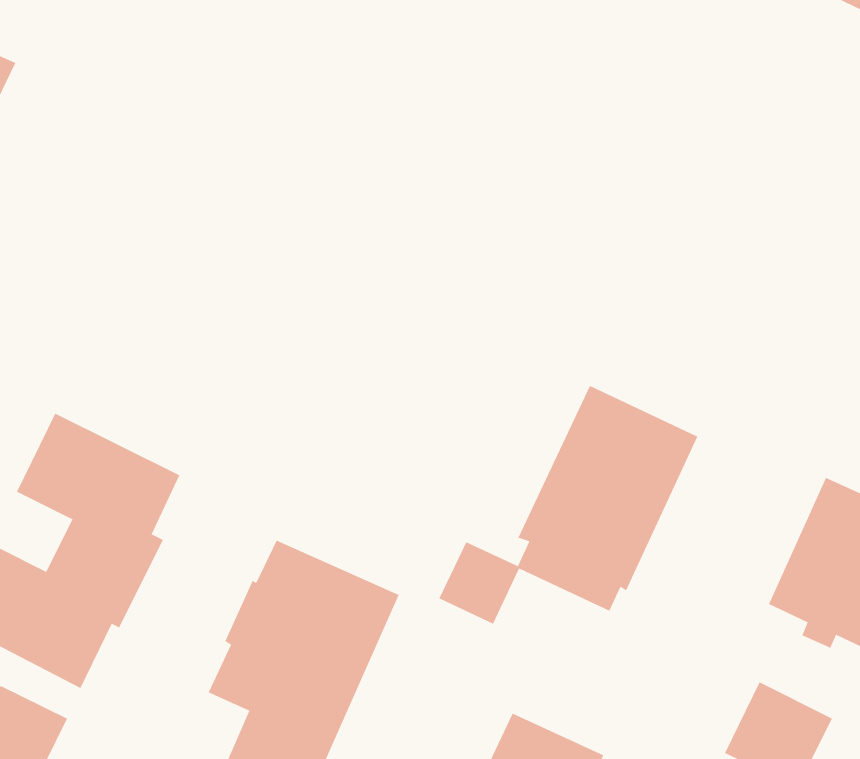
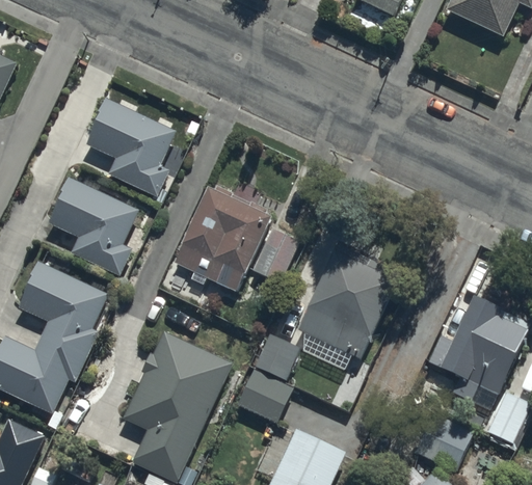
building: none -> [82,97,175,196]
building: none -> [47,178,139,275]
building: none -> [175,187,299,292]
building: none -> [237,369,293,423]

